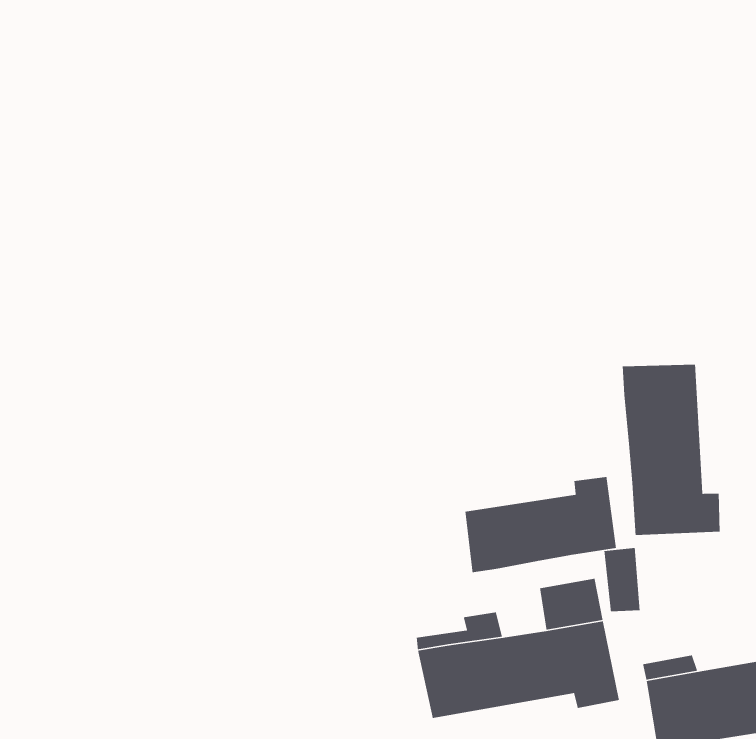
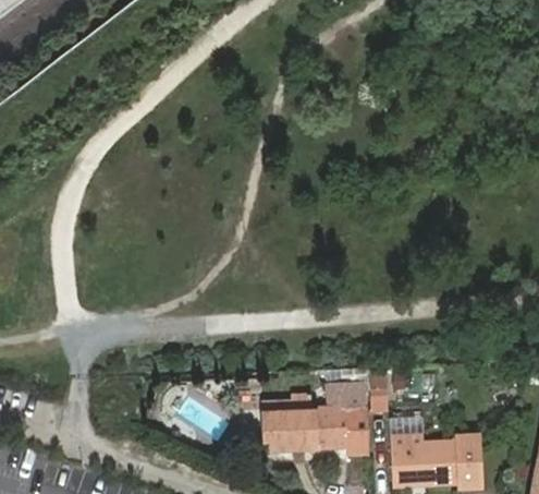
building: [622,364,721,536] -> none
building: [464,476,617,573] -> none

